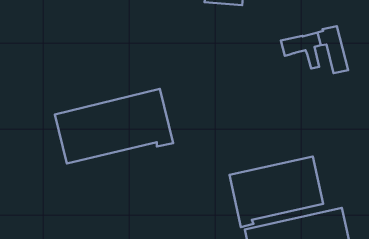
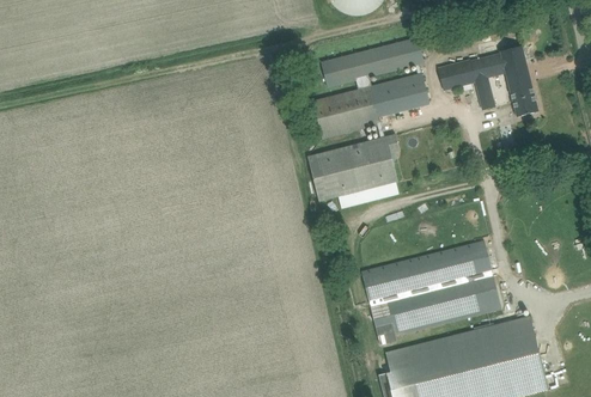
building: none -> [307,37,431,201]
building: [55,89,173,164] -> none

